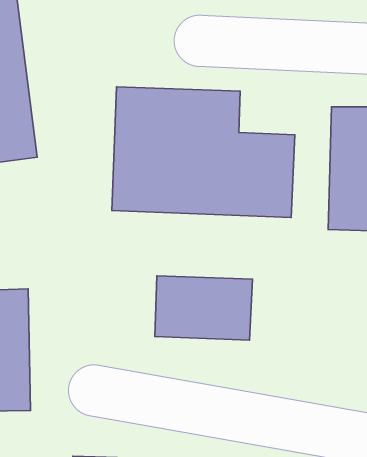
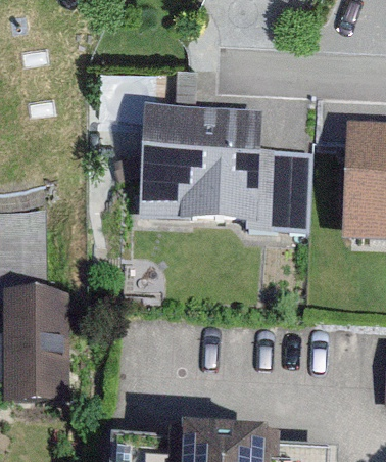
building: [155,276,252,340] -> none

